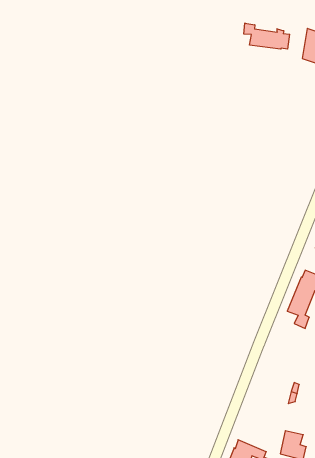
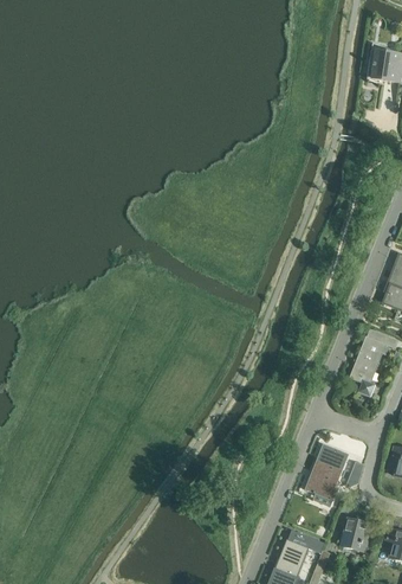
building: [244,23,290,49] -> none
building: none -> [304,444,348,500]

